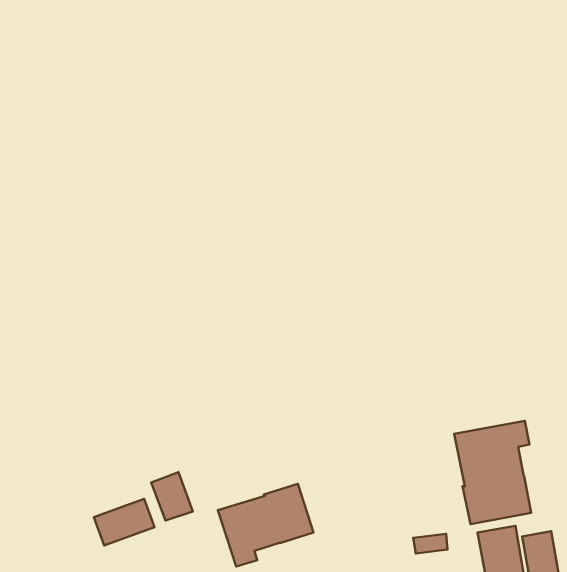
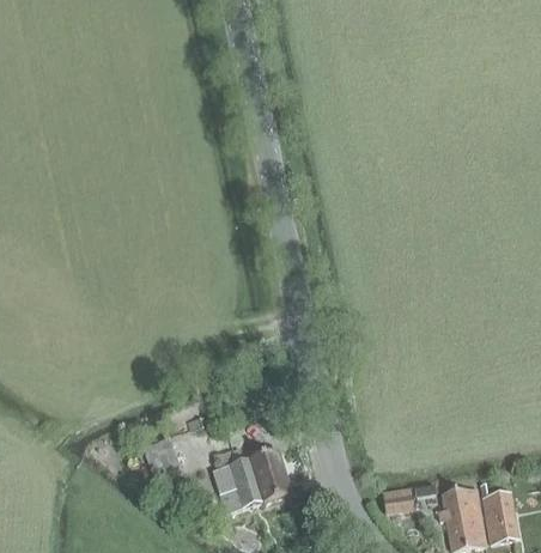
building: [454,421,531,524] -> none
building: [94,499,155,546] -> none

